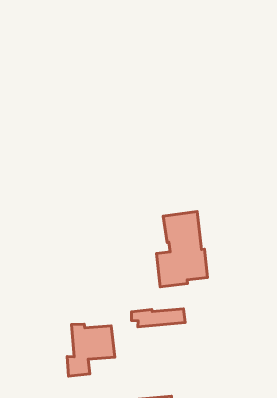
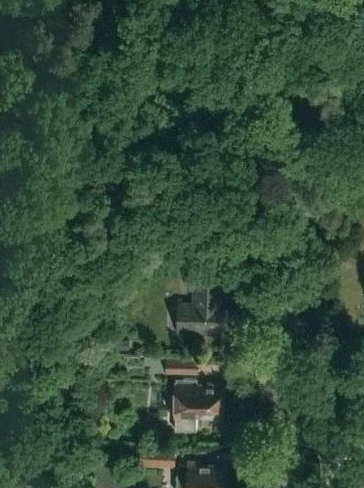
building: [67,324,115,376] -> [174,380,223,432]

